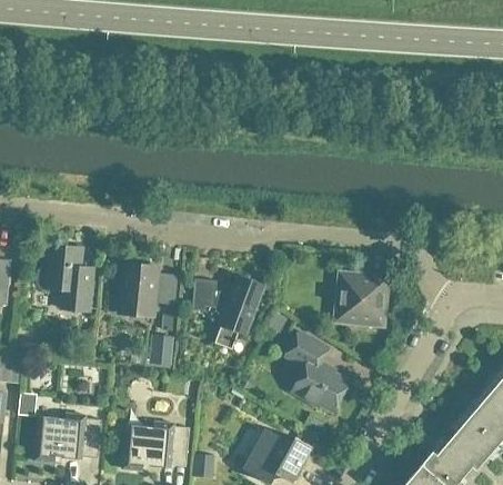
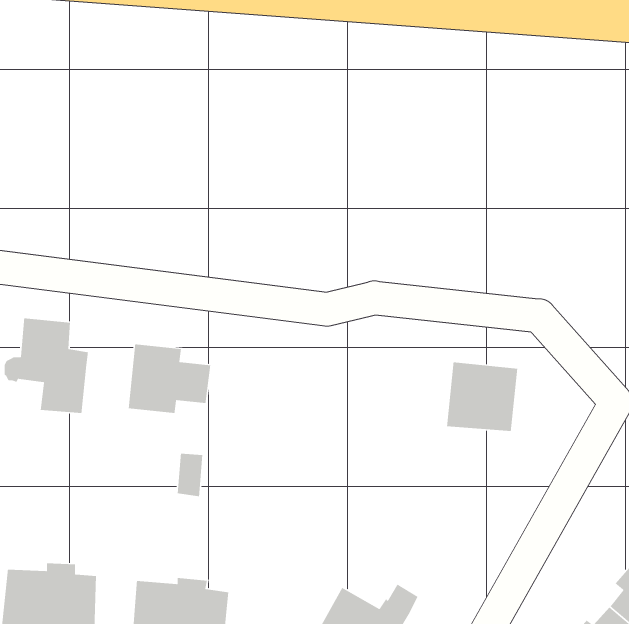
building: [192,274,264,349] -> none
building: [285,331,349,410] -> none

